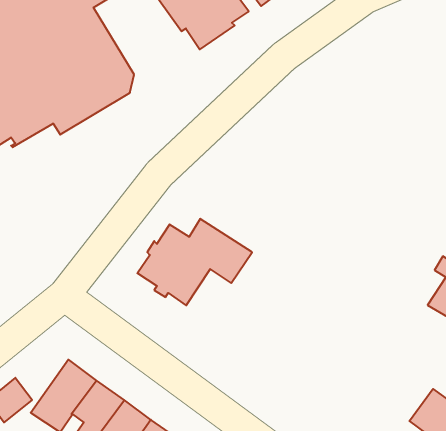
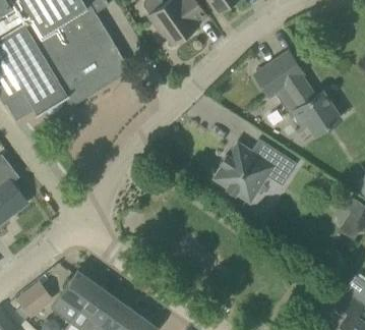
building: none -> [255,53,341,136]
building: [137,219,252,305] -> [215,140,298,203]

